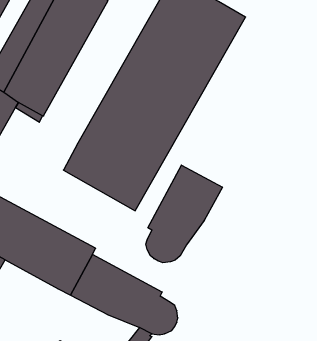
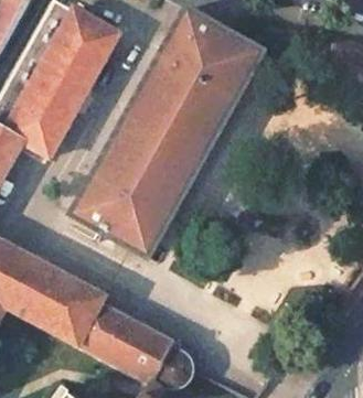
building: [146,165,222,263] -> none

